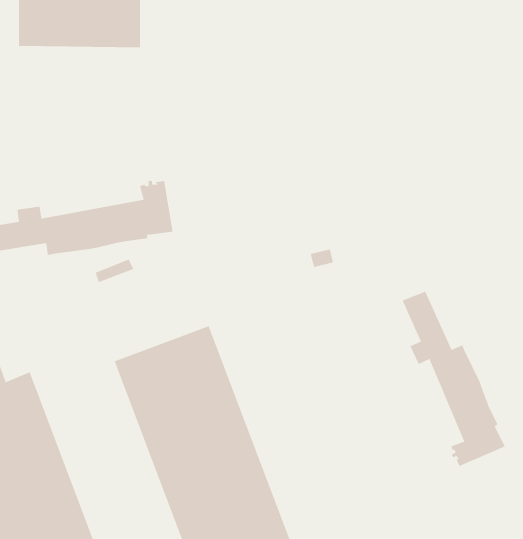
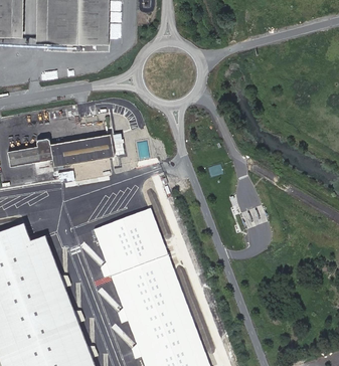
building: [402,291,505,467] -> none

